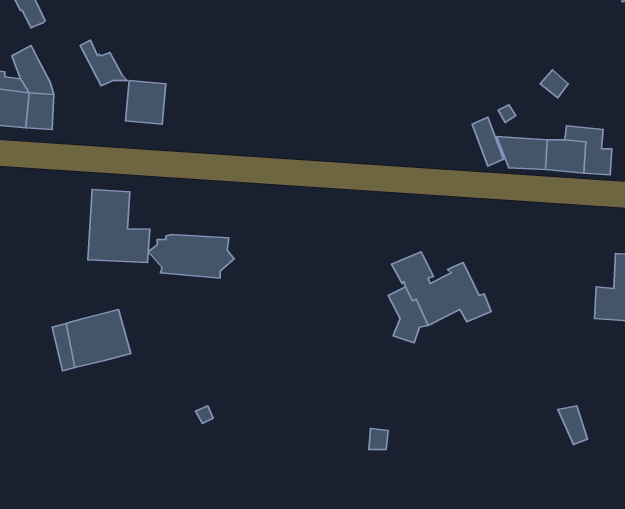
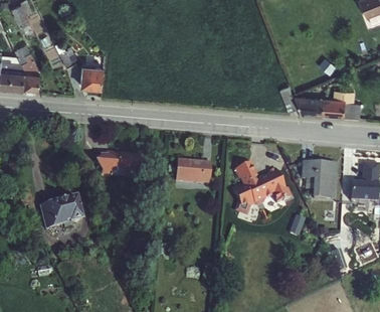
building: [88,190,150,262] -> none
building: none -> [175,158,211,183]
building: none -> [301,161,336,199]

